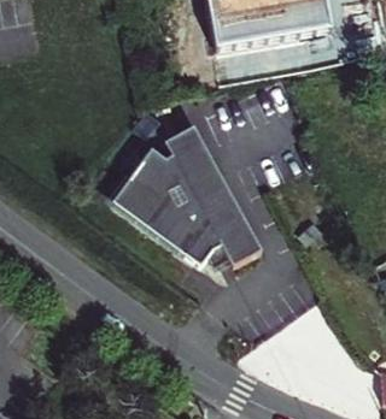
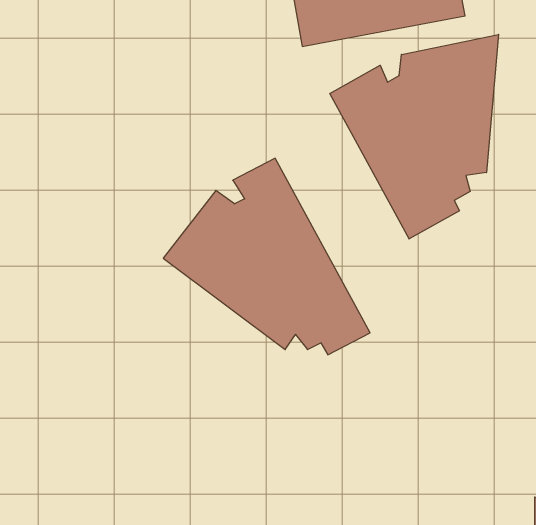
building: none -> [330,34,499,239]

